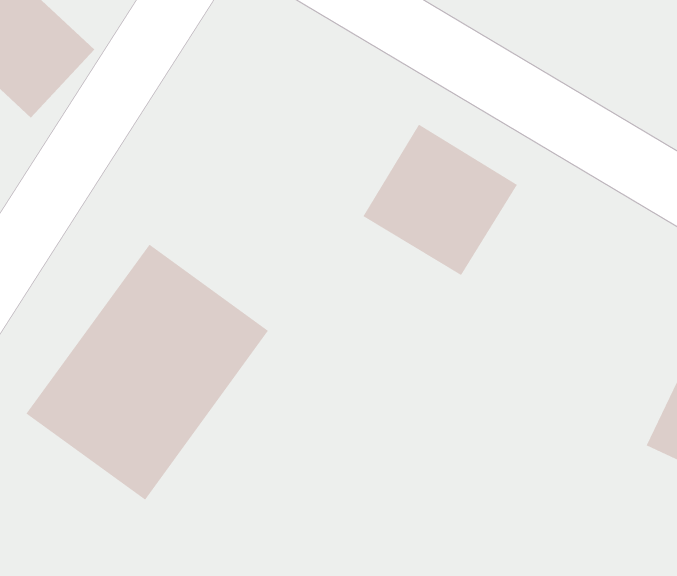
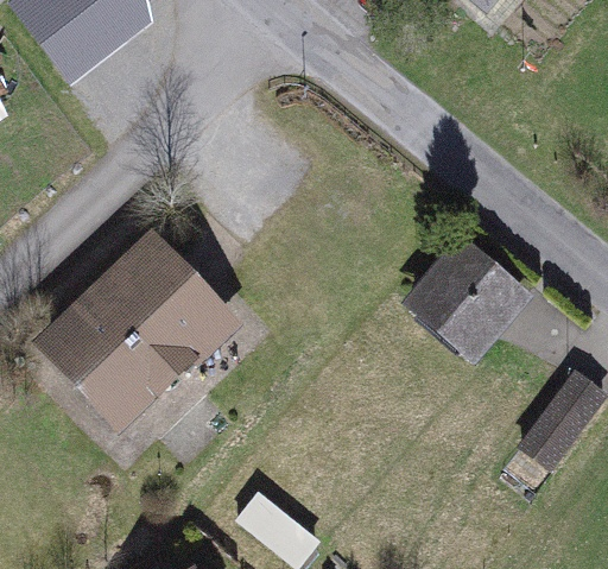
building: [363,124,518,276] -> [407,236,532,360]

